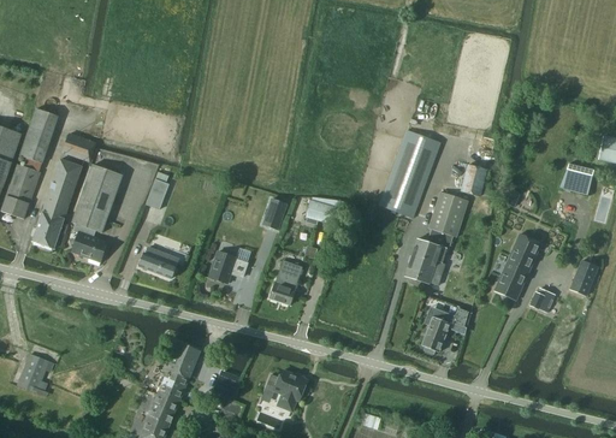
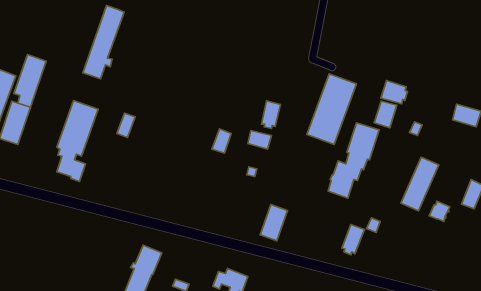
building: none -> [381,81,407,104]
building: [32,156,83,247] -> [83,5,124,79]
building: none -> [262,101,280,128]
building: [140,245,178,277] -> none
building: [209,247,251,283] -> none
building: [270,259,303,303] -> [260,205,288,241]
building: [19,353,54,390] -> none

